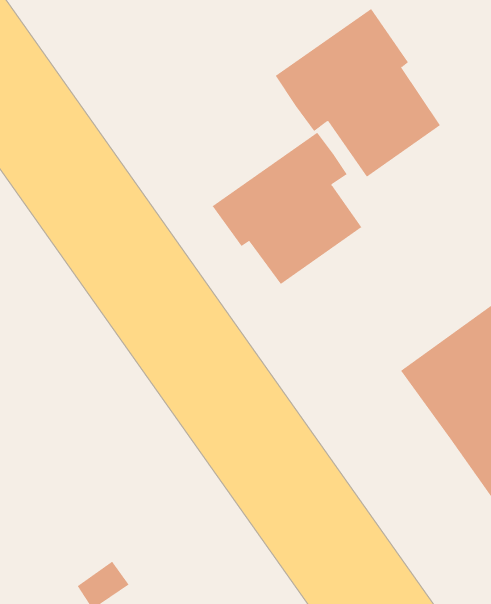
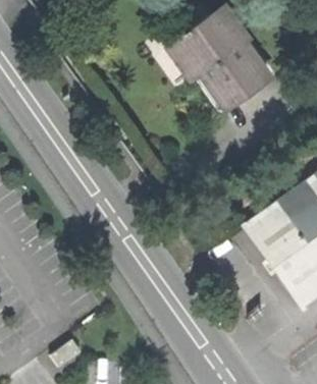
building: [212,132,362,285] -> none

